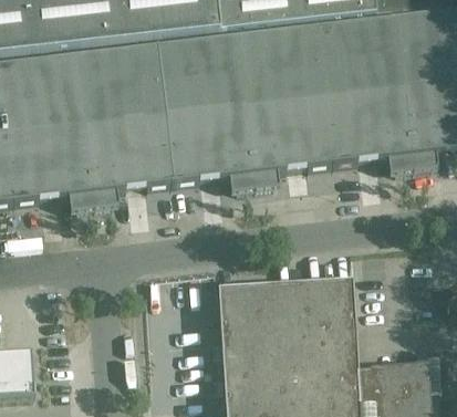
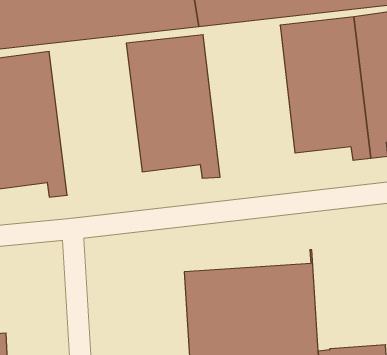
building: [237,28,333,187] -> none
building: [75,46,173,206] -> none

